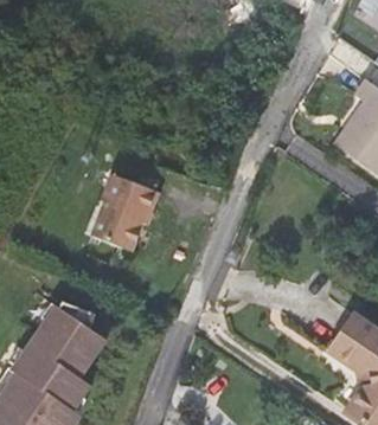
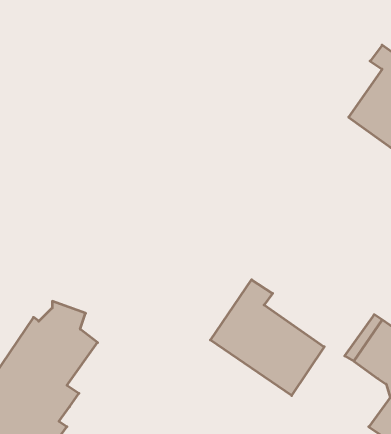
building: [96,160,162,252] -> none
building: none -> [210,280,324,396]

